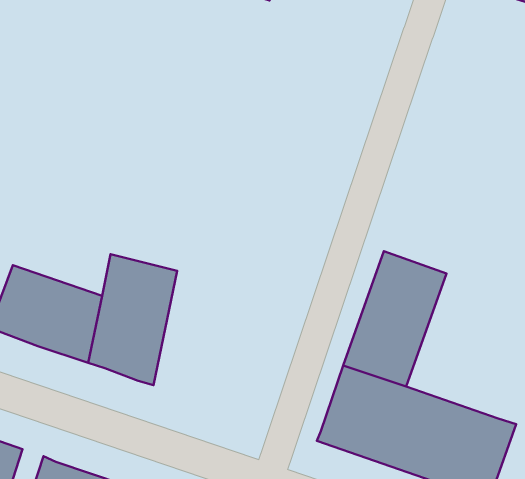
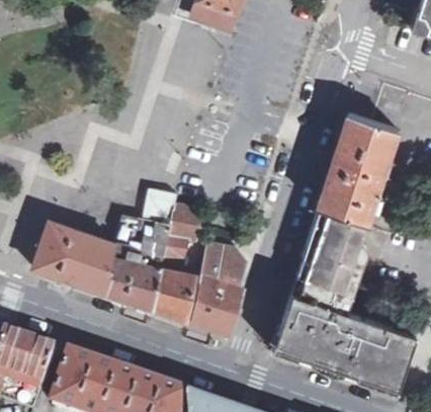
building: none -> [318,111,399,224]
building: none -> [151,203,194,317]
building: none -> [189,241,241,330]

